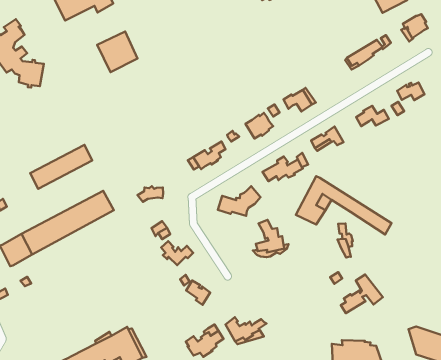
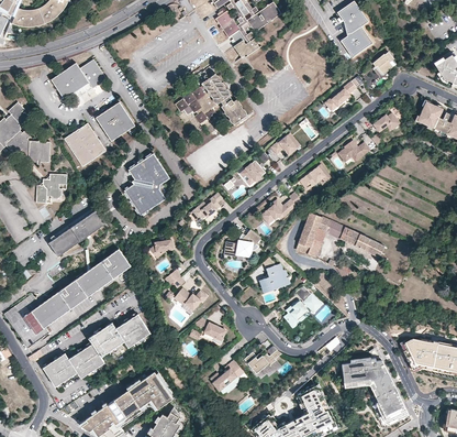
building: none -> [176,72,247,124]
building: none -> [64,123,105,166]
building: none -> [124,153,169,215]
building: none -> [37,173,69,201]
building: none -> [44,315,152,387]
building: [341,274,383,313] -> [285,285,322,323]

